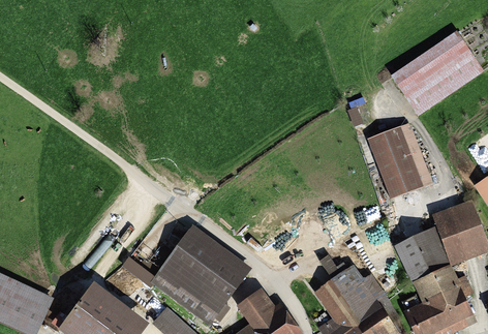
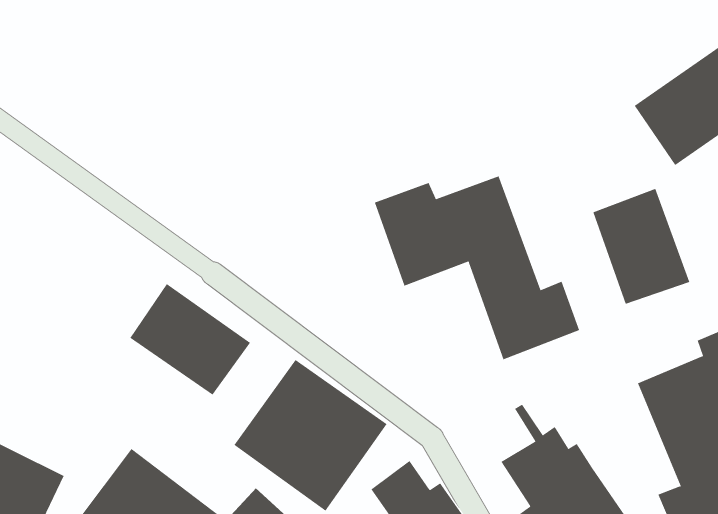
building: none -> [374,175,580,360]
building: none -> [130,283,251,395]

